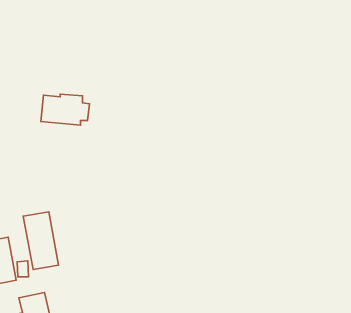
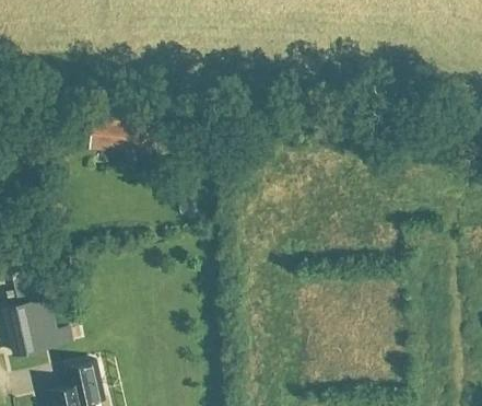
building: [23,212,59,269] -> none

